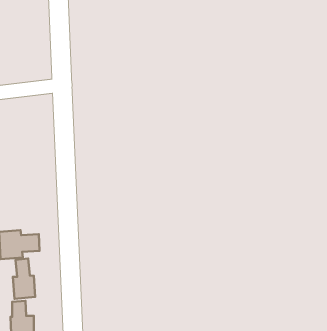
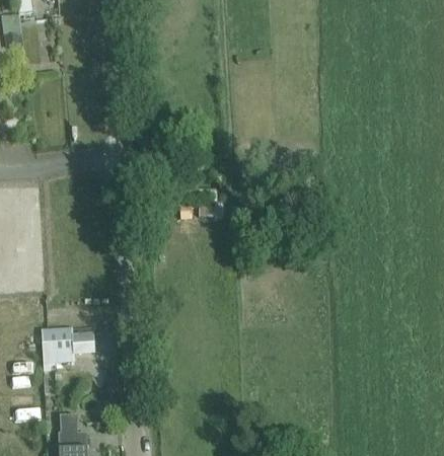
building: [13,259,35,299] -> none

